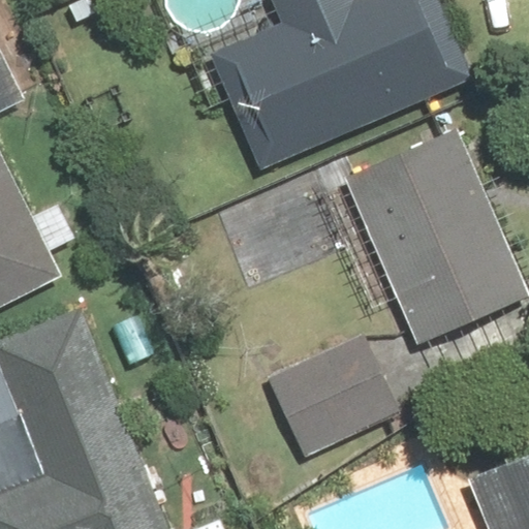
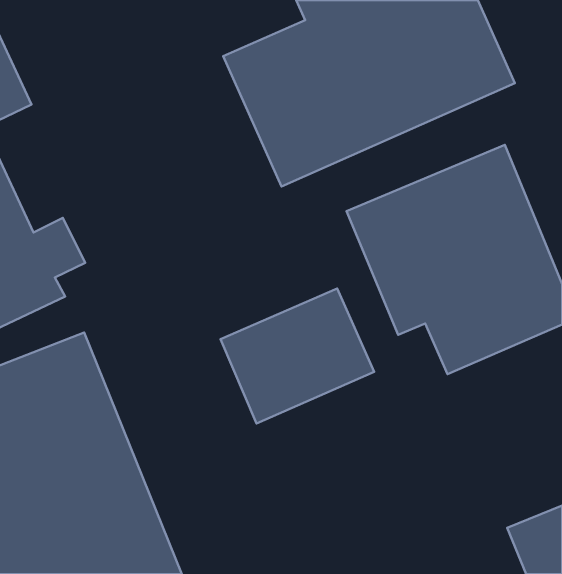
building: [261,339,403,463] -> [221,289,374,423]

